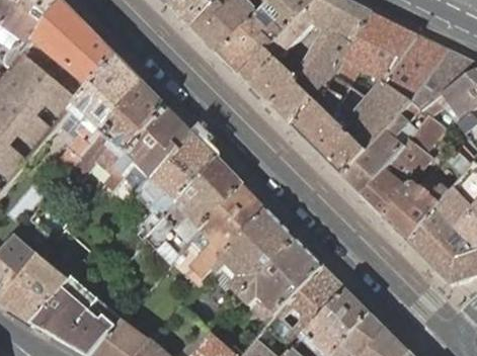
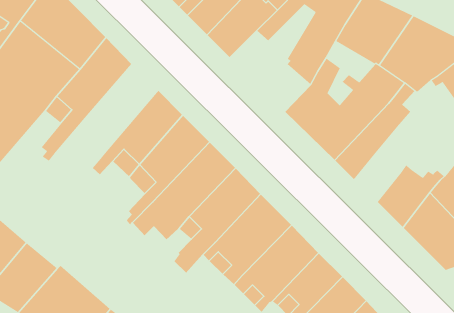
building: [239,50,318,128] -> none
building: [70,82,169,174] -> none
building: [361,127,433,216] -> none

